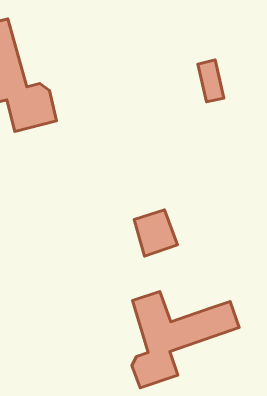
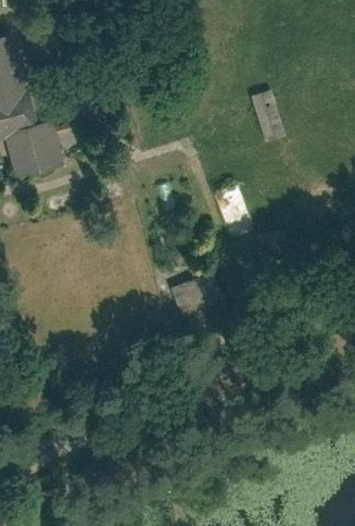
building: [132,291,239,388] -> none

